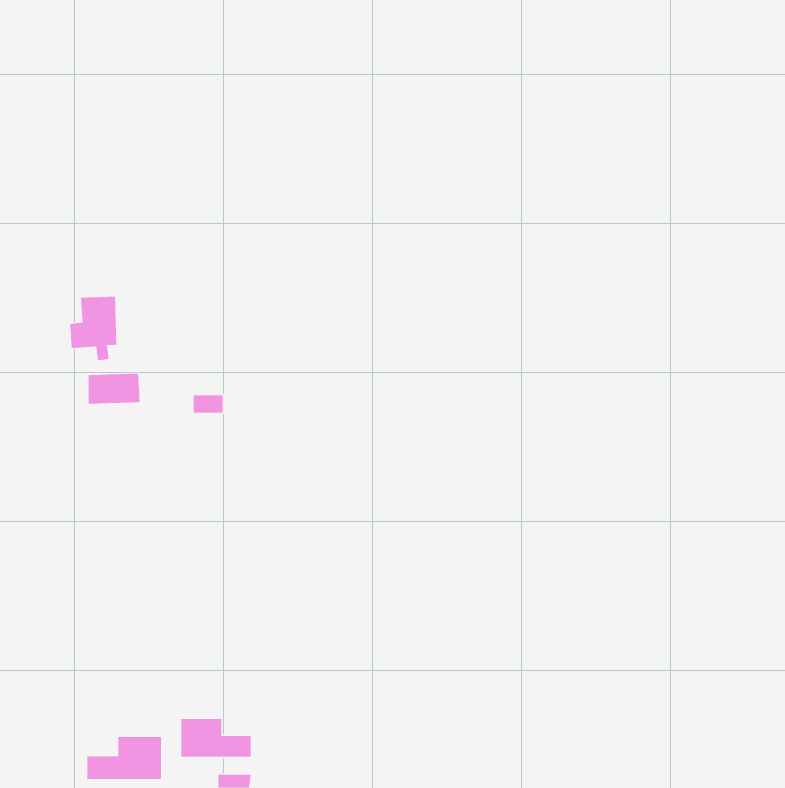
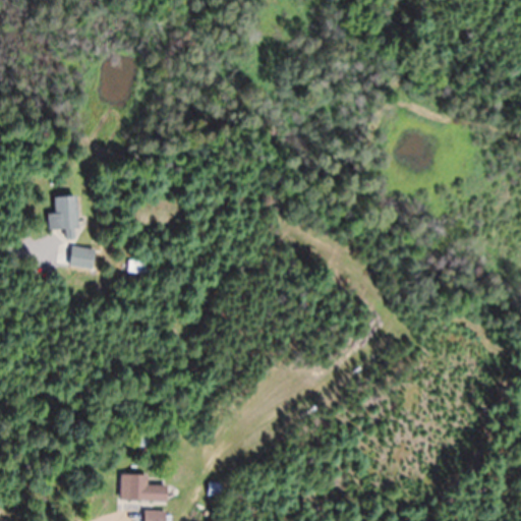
building: [87,736,162,780] -> none

